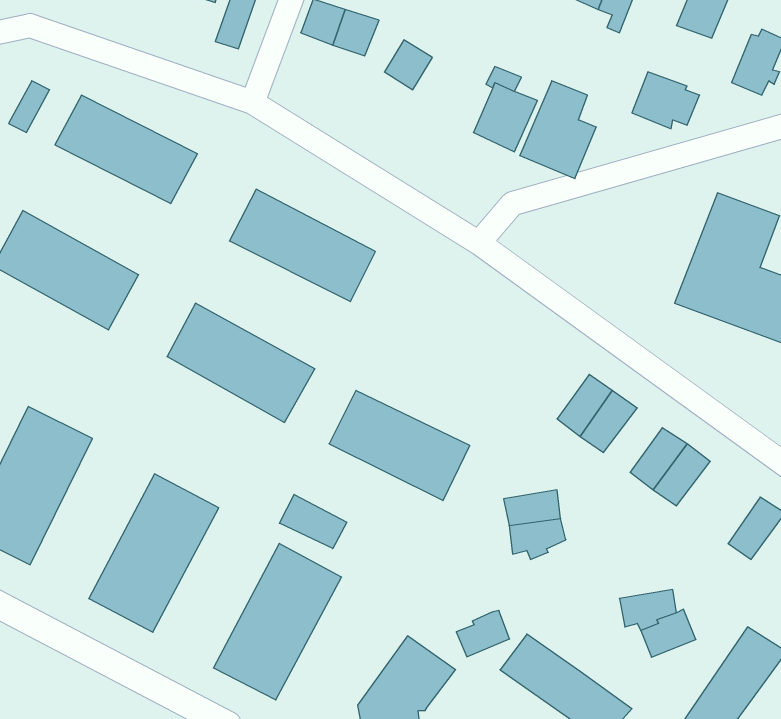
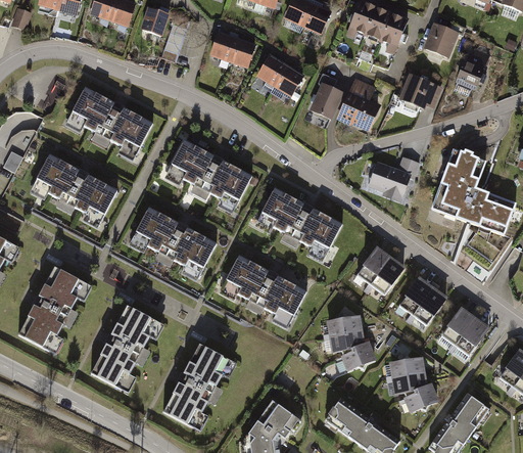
building: none -> [275,65,302,94]
building: none -> [366,155,420,207]
building: none -> [260,190,342,254]
building: none -> [441,308,474,345]
building: [279,494,347,549] -> none
building: none -> [391,356,424,376]
building: [456,610,510,657] -> [342,342,373,368]

